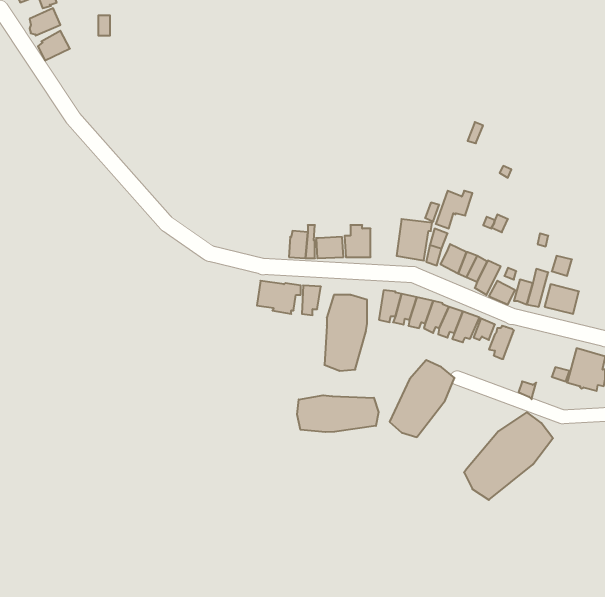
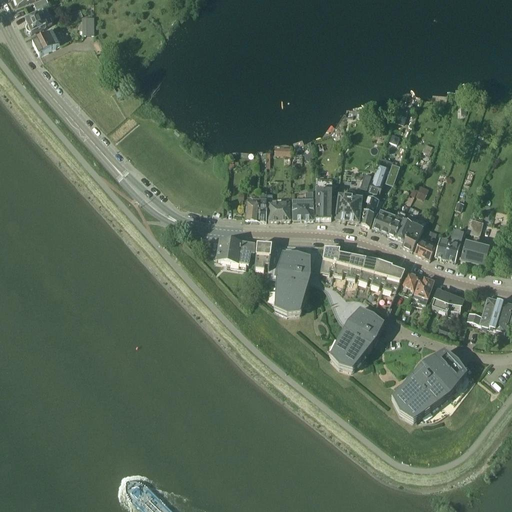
building: none -> [315,188,331,217]
building: none -> [431,287,461,315]
building: [297,395,379,432] -> none

